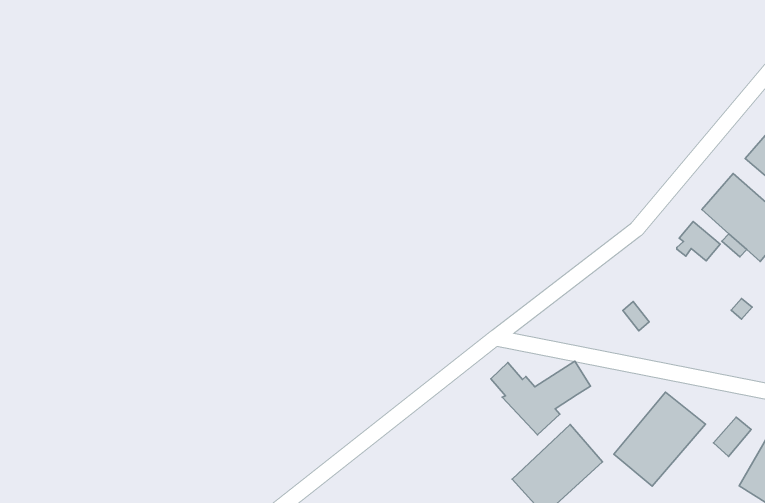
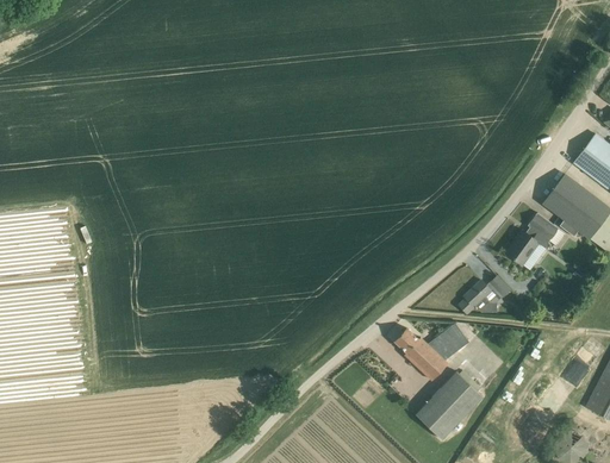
building: none -> [505,231,549,265]
building: none -> [459,281,497,314]
building: [614,392,706,486] -> none

